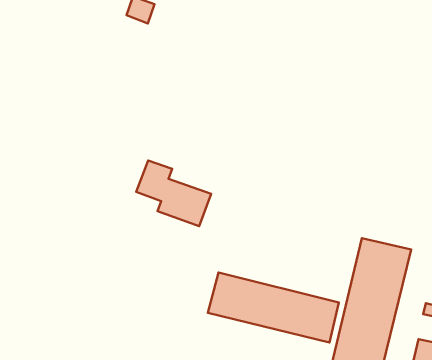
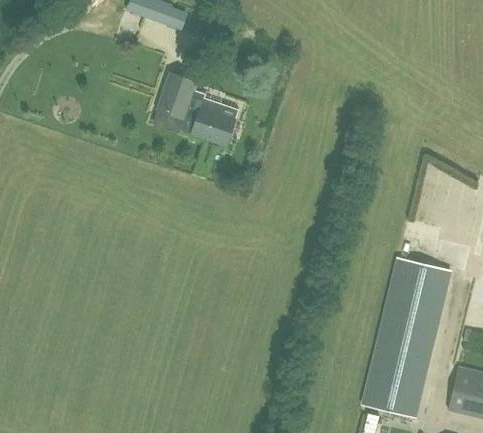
building: [136,160,211,226] -> [157,74,238,145]
building: [208,273,339,343] -> none

